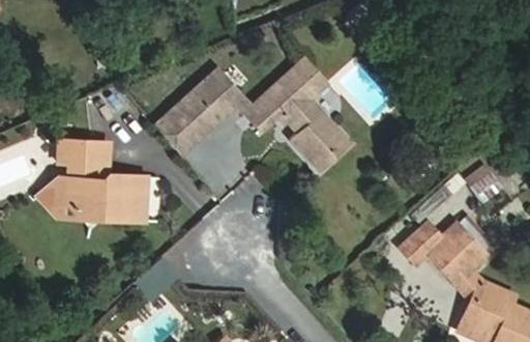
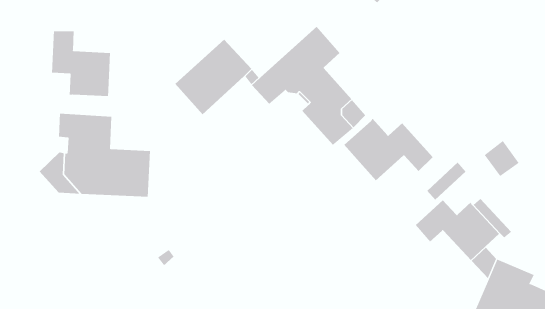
building: none -> [51,30,111,97]
building: [153,111,196,154] -> none
building: none -> [343,118,433,181]

